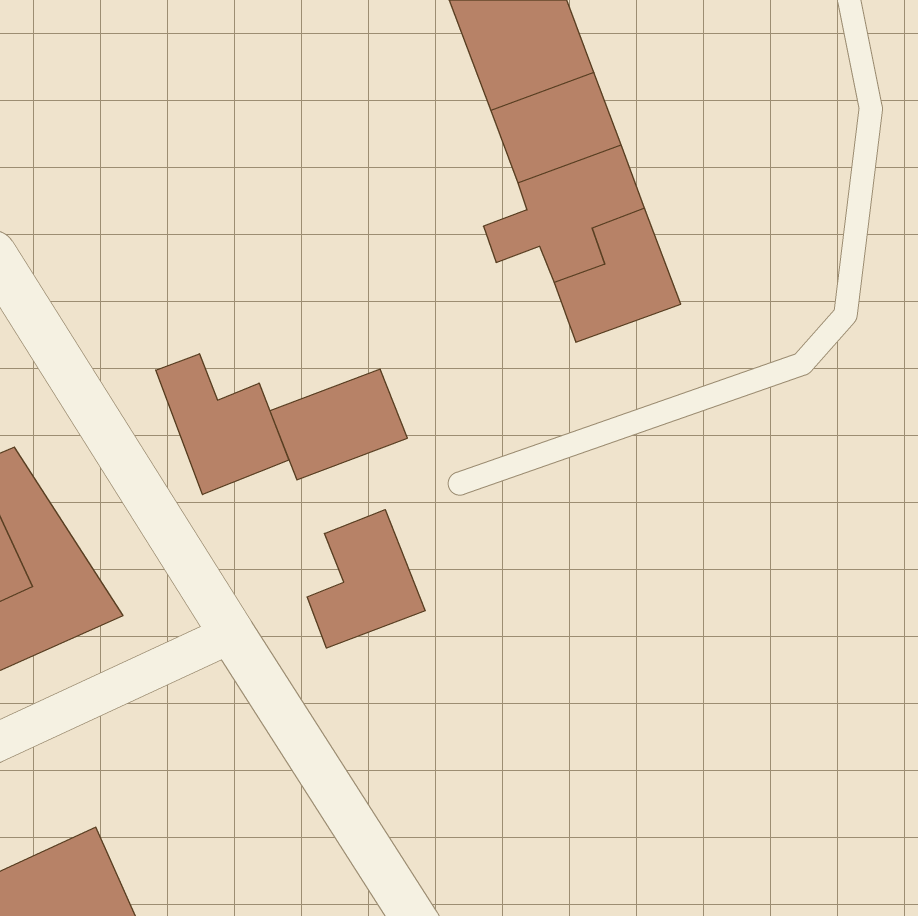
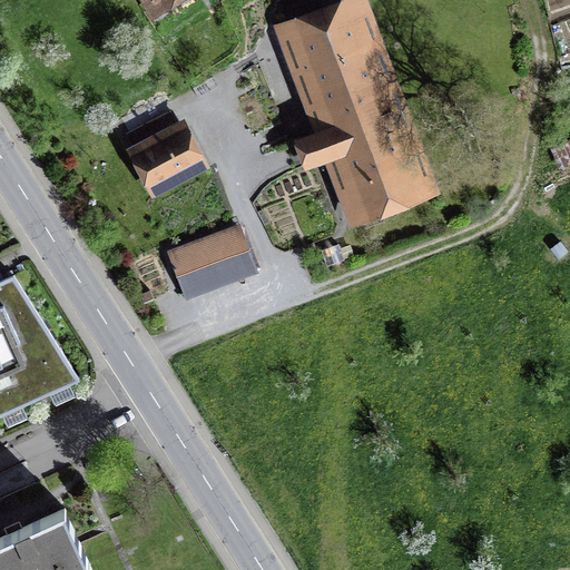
building: none -> [126,118,193,188]
building: [156,354,289,495] -> none
building: [307,510,425,648] -> none

